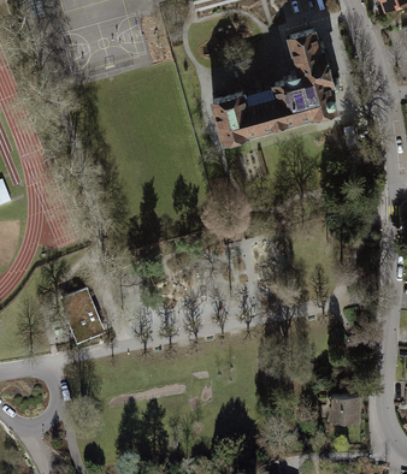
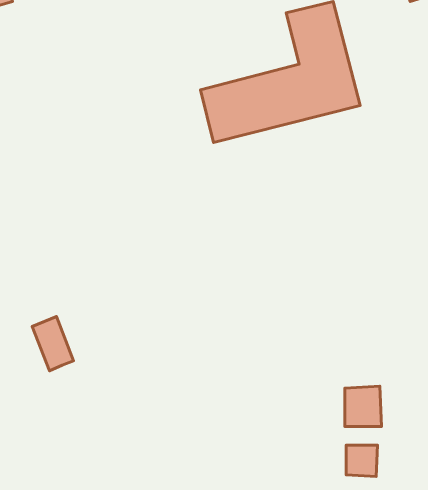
building: none -> [345,386,382,426]

